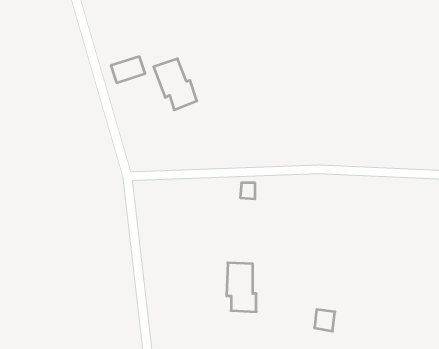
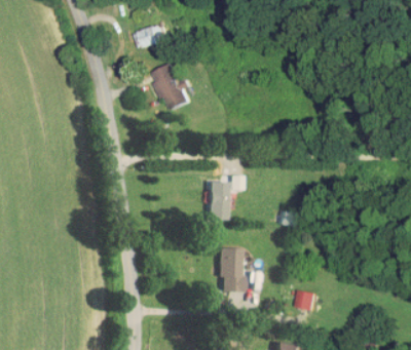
building: [111,57,145,83] -> [140,23,171,46]
building: none -> [208,182,227,220]

